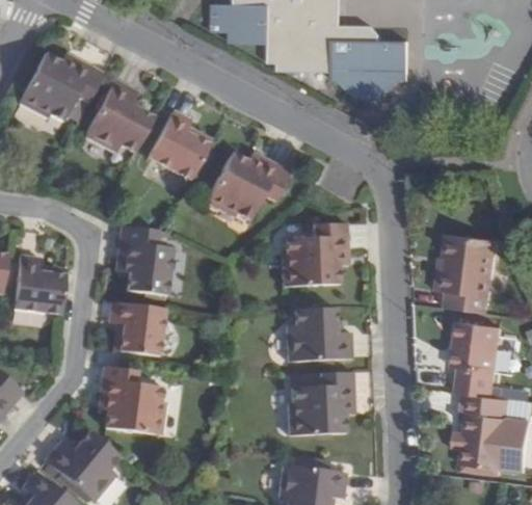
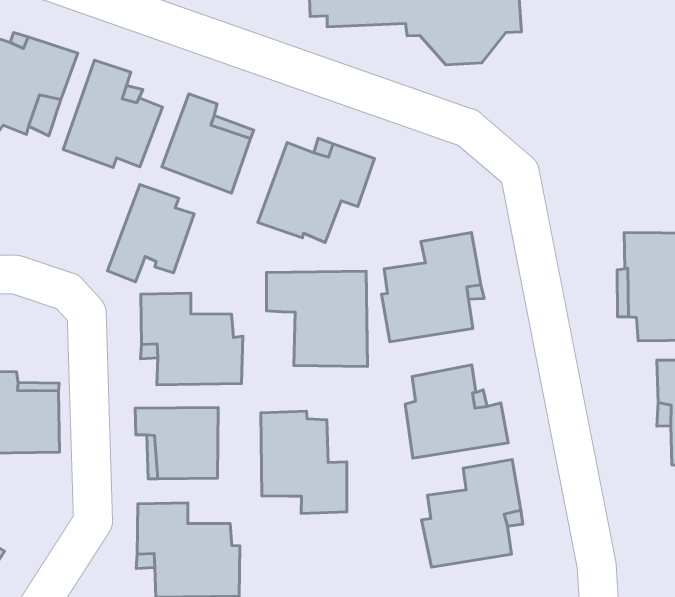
building: none -> [108,184,194,282]
building: none -> [267,271,368,366]
building: none -> [261,411,347,513]

